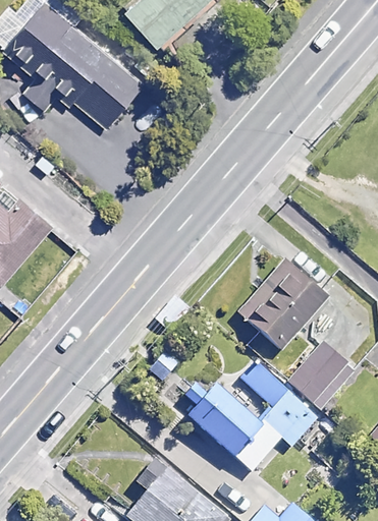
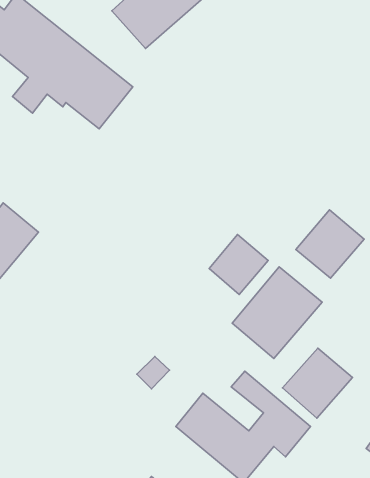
building: none -> [296,210,364,278]
building: none -> [209,235,268,295]

